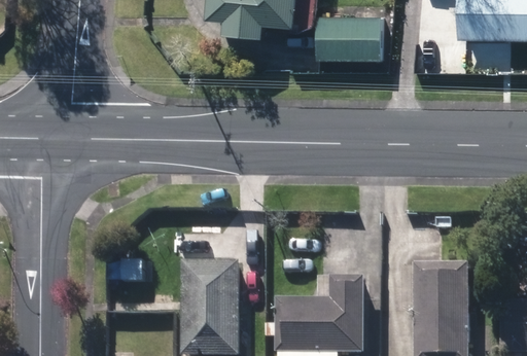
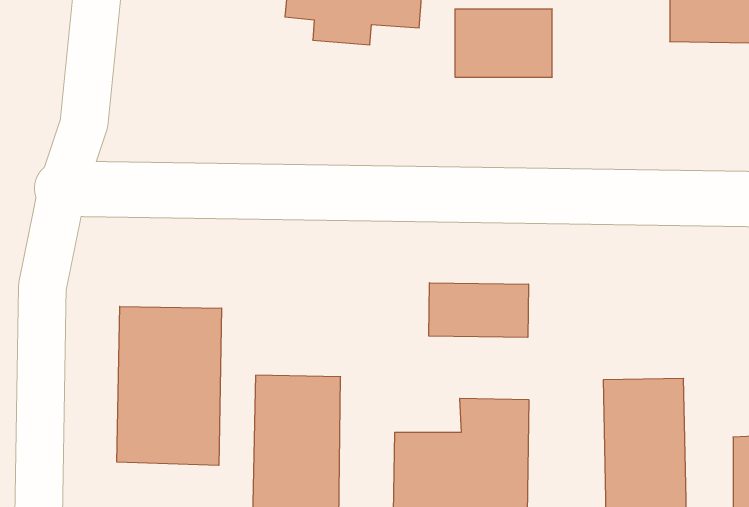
building: none -> [429,283,528,337]
building: none -> [117,306,222,465]

